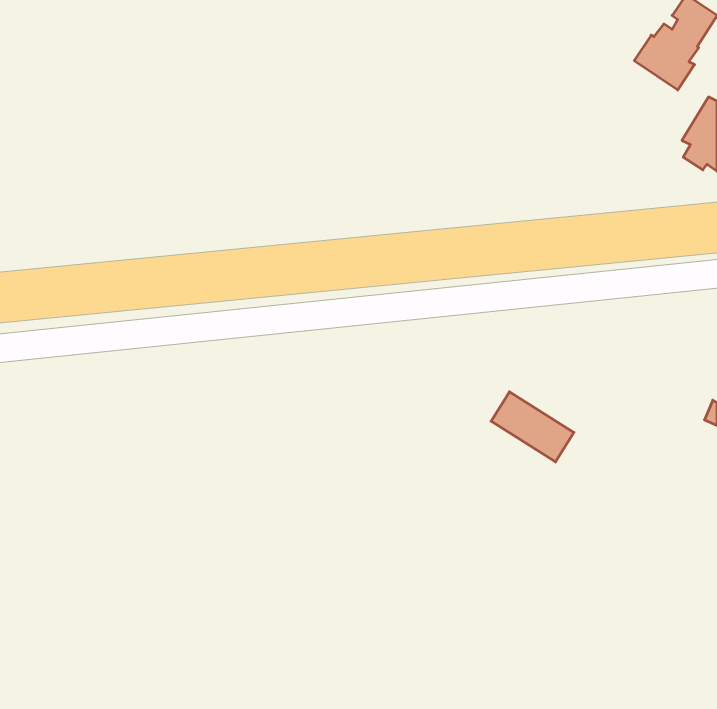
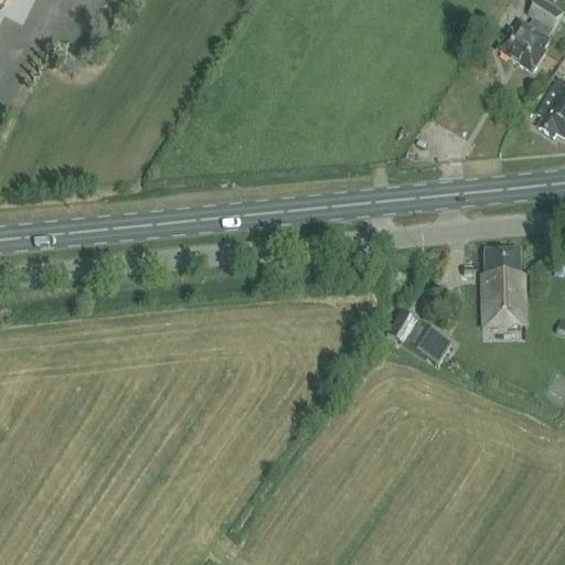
building: none -> [481,248,524,324]

